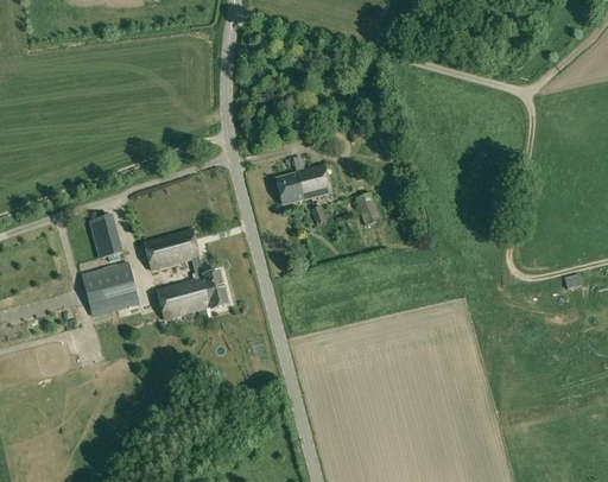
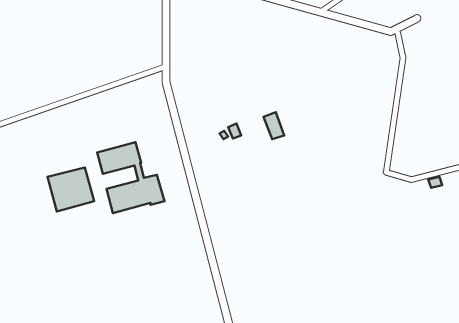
building: [276,165,331,205] -> none
building: [88,214,124,259] -> none

